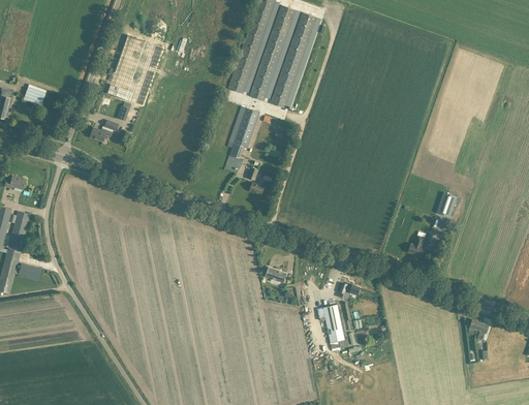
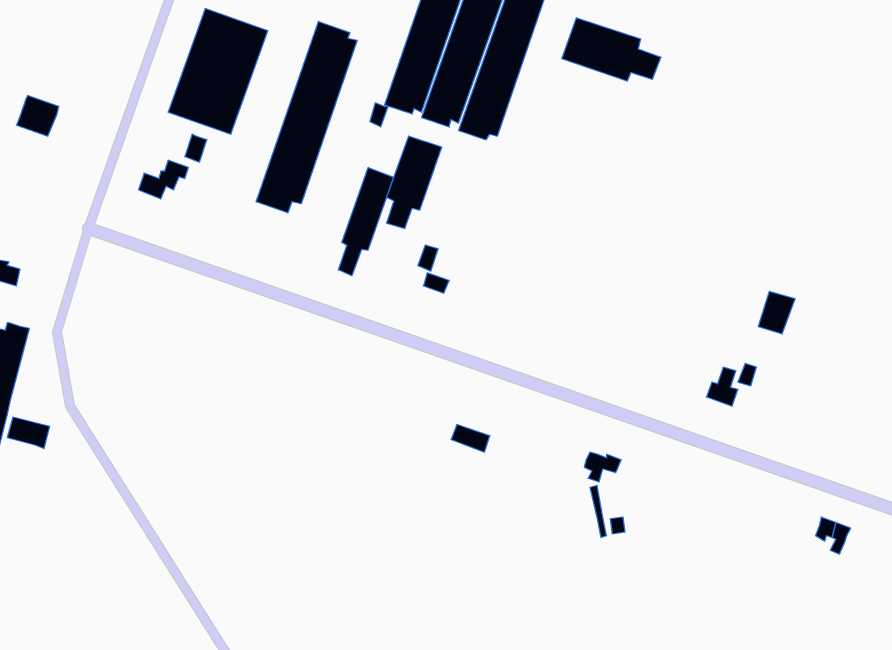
building: none -> [562,18,661,81]
building: none -> [256,21,357,213]
building: none -> [338,167,393,276]
building: [322,305,346,349] -> none

